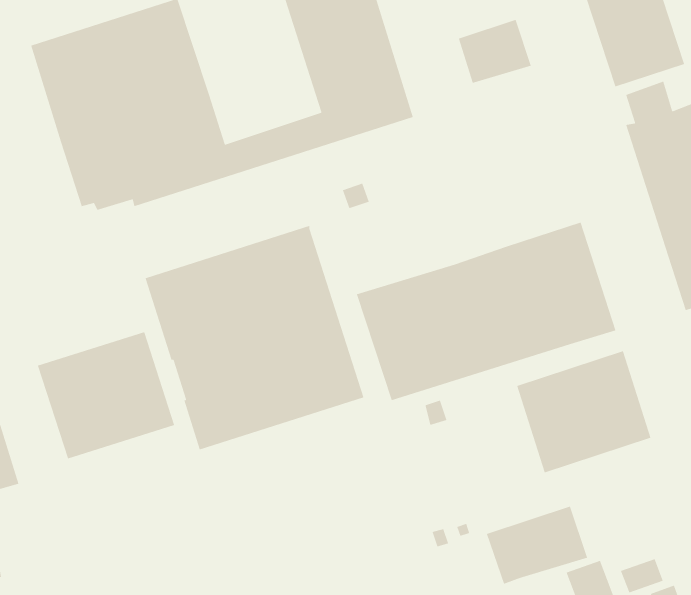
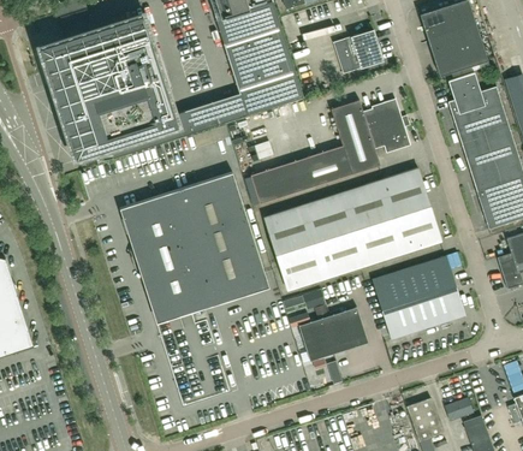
building: none -> [250,97,410,203]
building: [37,331,175,460] -> none
building: [486,505,588,585] -> [298,307,368,361]

